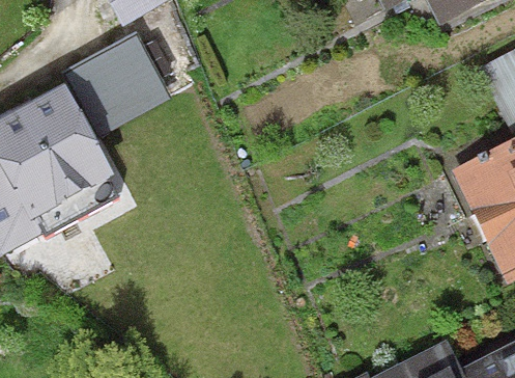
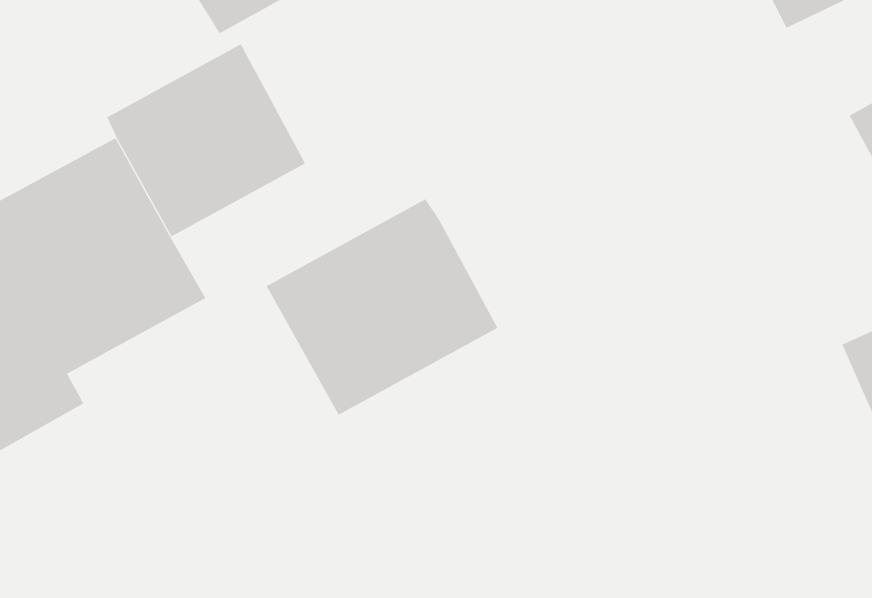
building: none -> [266,198,498,416]

